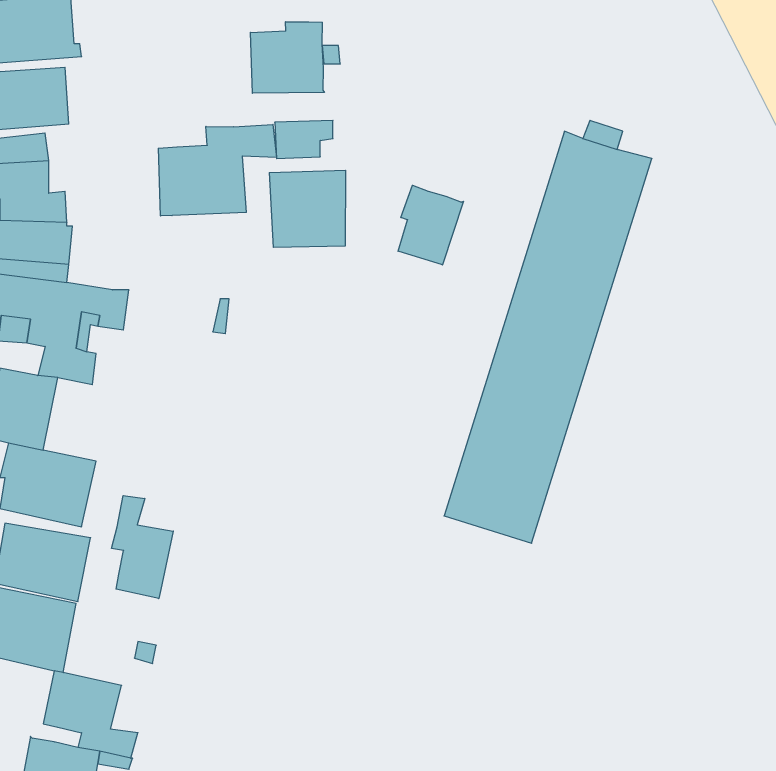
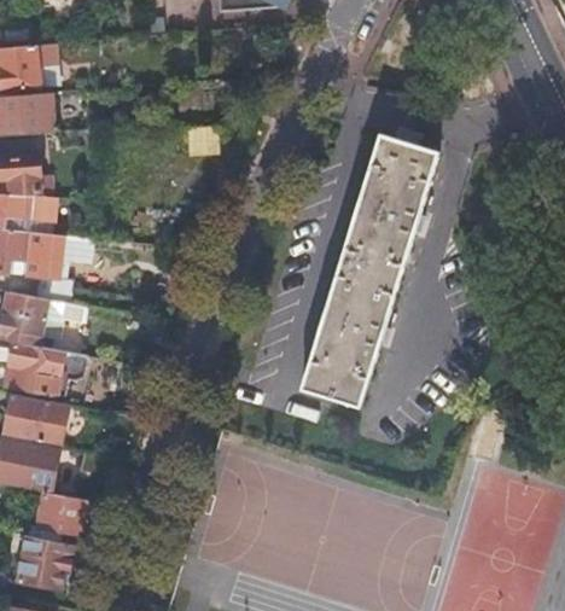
building: [250,22,324,93] -> none
building: [158,124,276,216] -> none
building: [269,170,346,247] -> none
building: [398,185,463,265] -> none
building: [112,496,173,599] -> none

